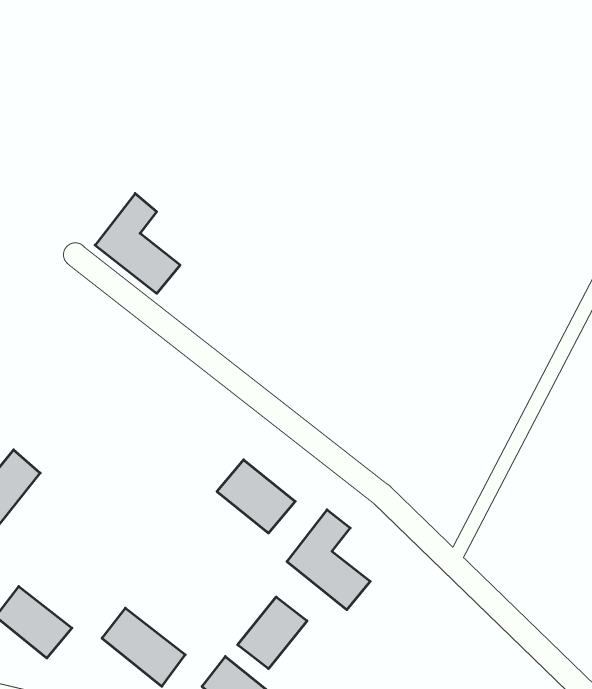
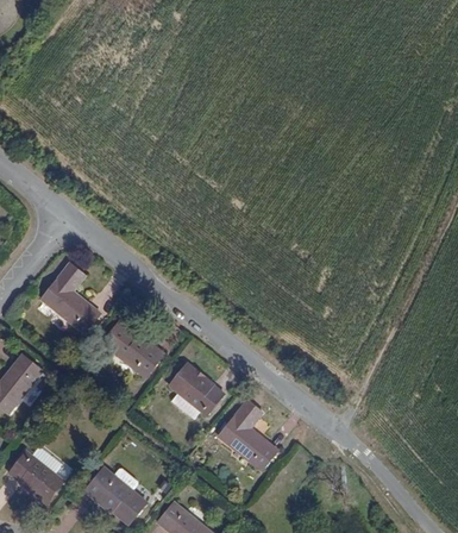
building: [95,193,180,293] -> [40,262,101,333]
building: none -> [103,318,164,375]
building: [238,597,307,669] -> none

